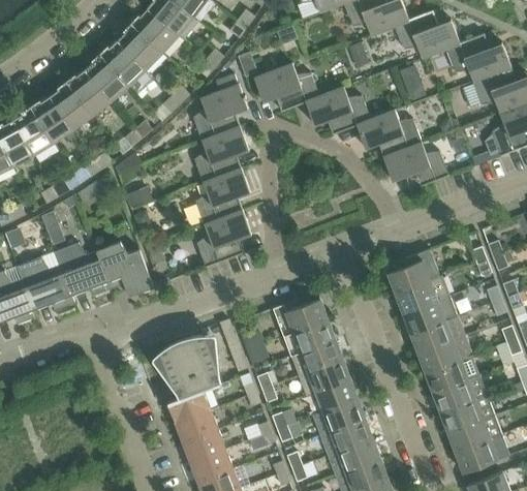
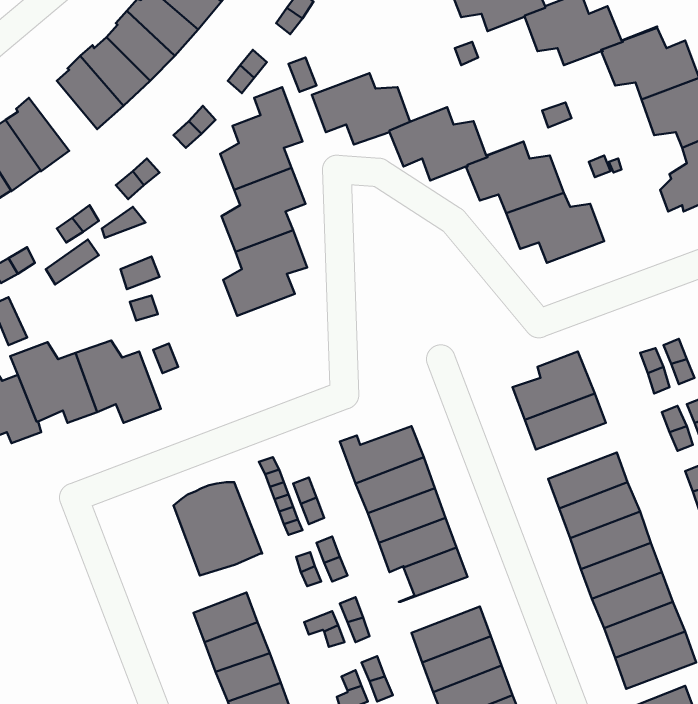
building: [66,69,112,116] -> none
building: [196,211,252,268] -> none
building: [403,297,457,334] -> none
building: [167,391,211,423] -> none
building: [313,399,366,436] -> none

